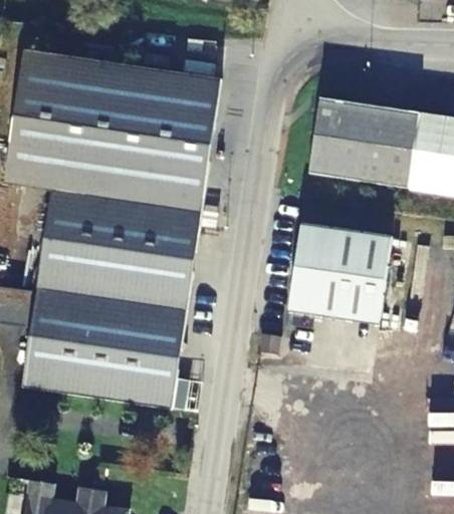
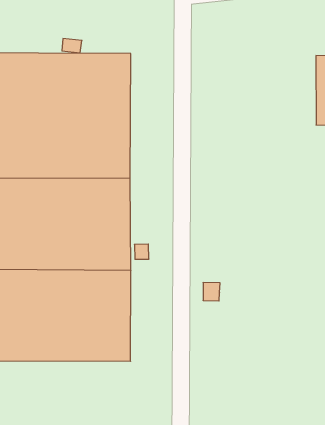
building: [306,95,419,186] -> none
building: [287,225,389,326] -> none

